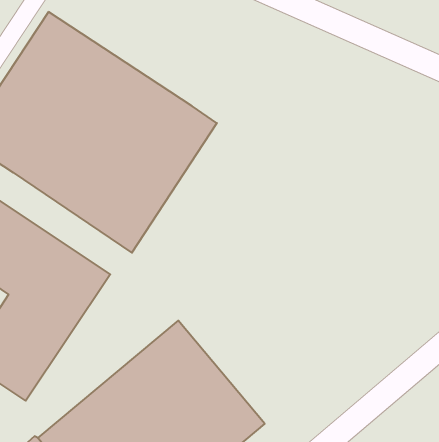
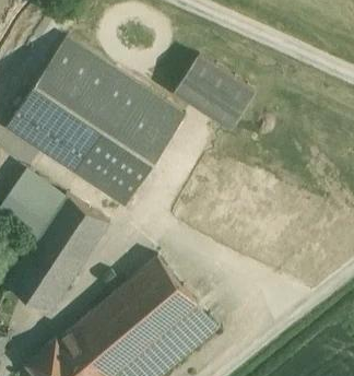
building: none -> [174,56,252,128]

